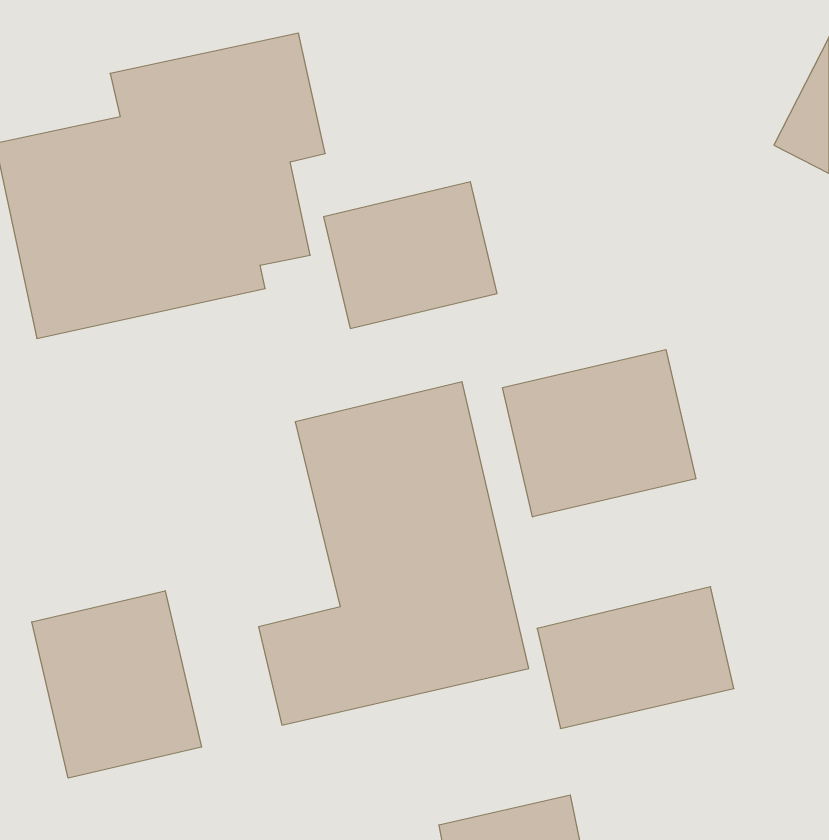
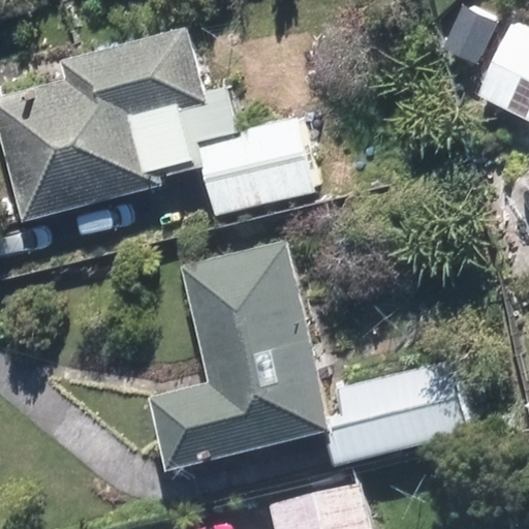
building: [503,350,696,517] -> none
building: [32,591,202,778] -> none

